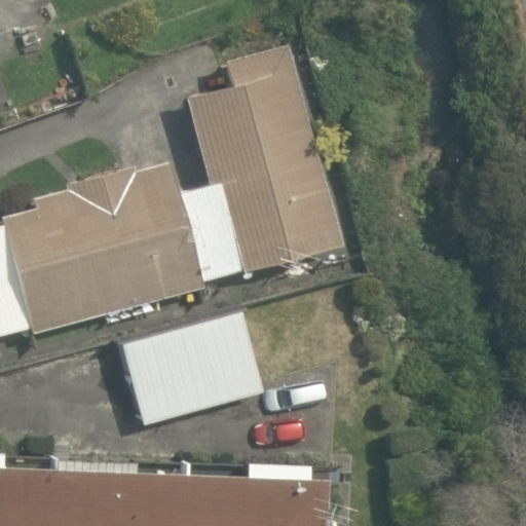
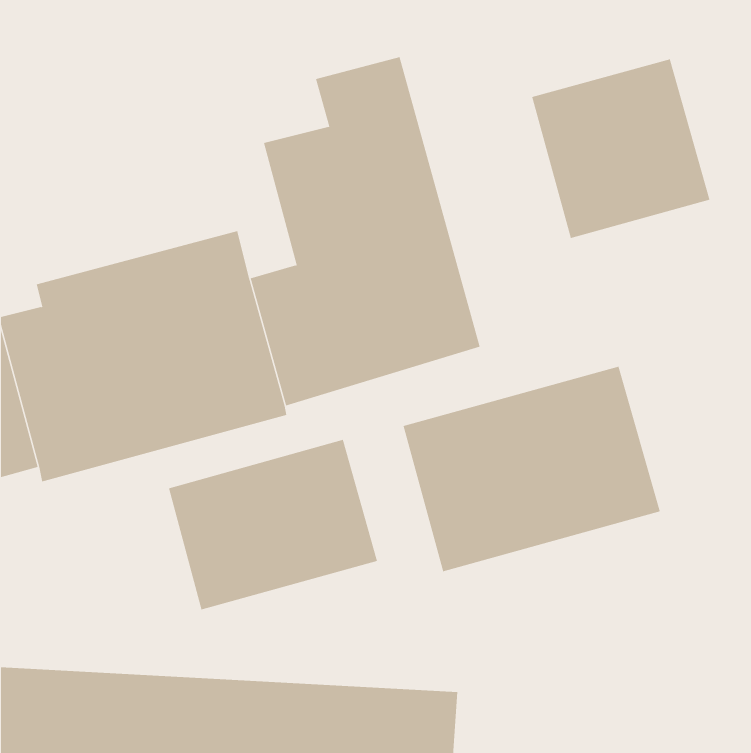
building: none -> [531,58,710,239]
building: none -> [403,366,661,572]

